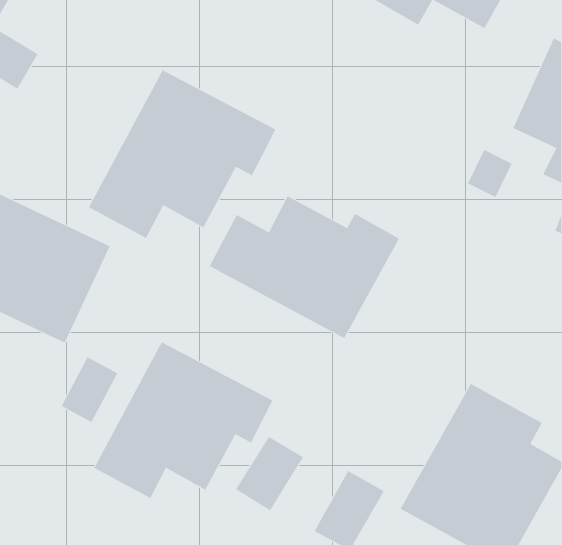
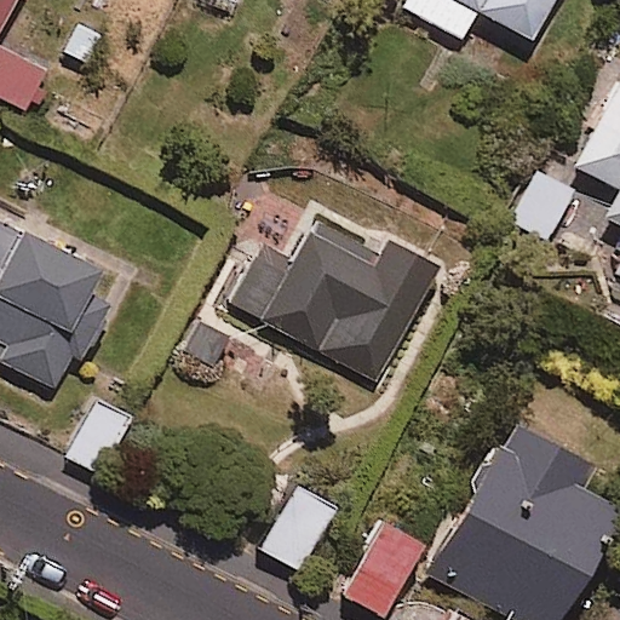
building: [88,70,276,239] -> none
building: [94,342,273,499] -> none

